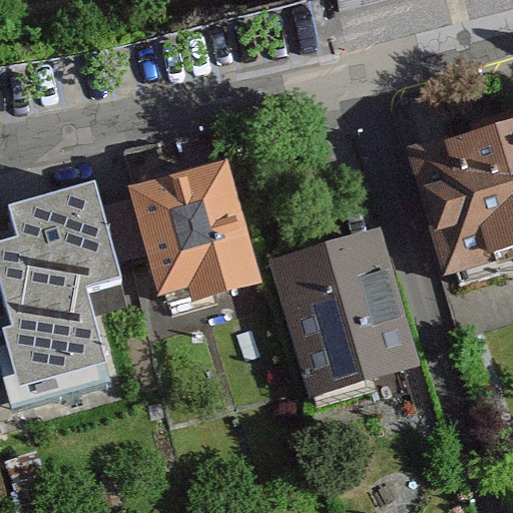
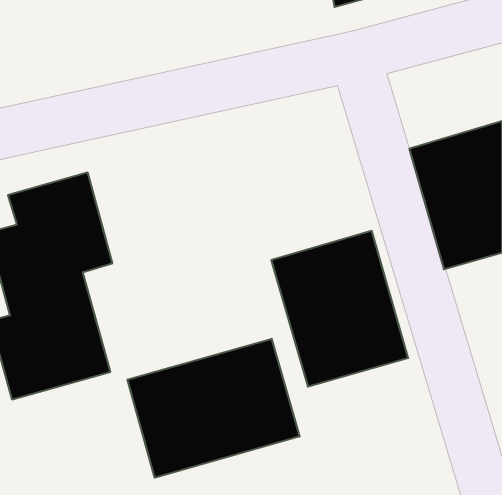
building: [133,161,261,300] -> none
building: none -> [128,339,300,478]

